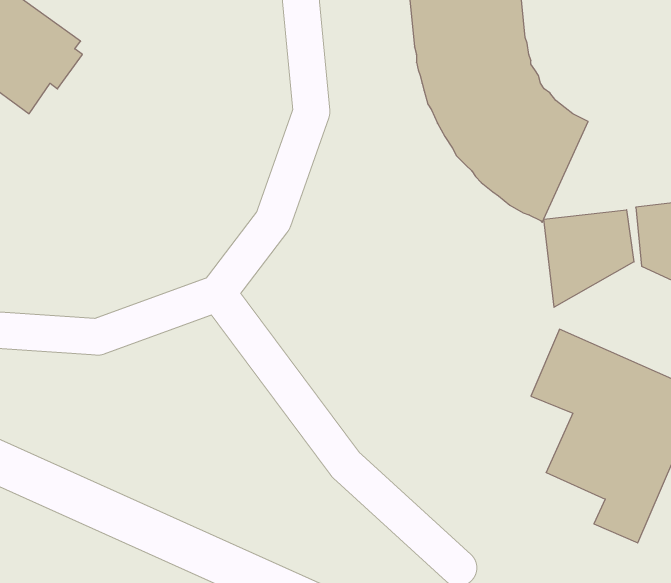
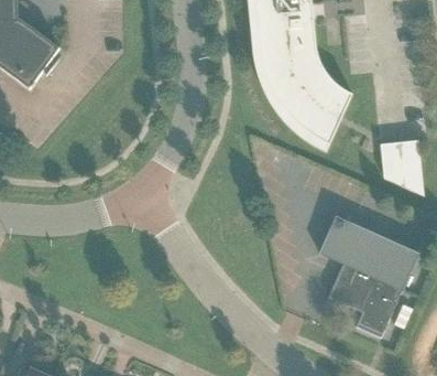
building: [544,210,634,307] -> none

